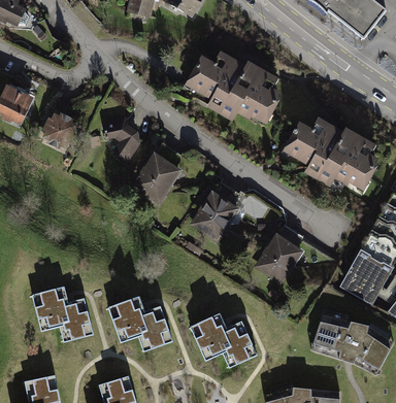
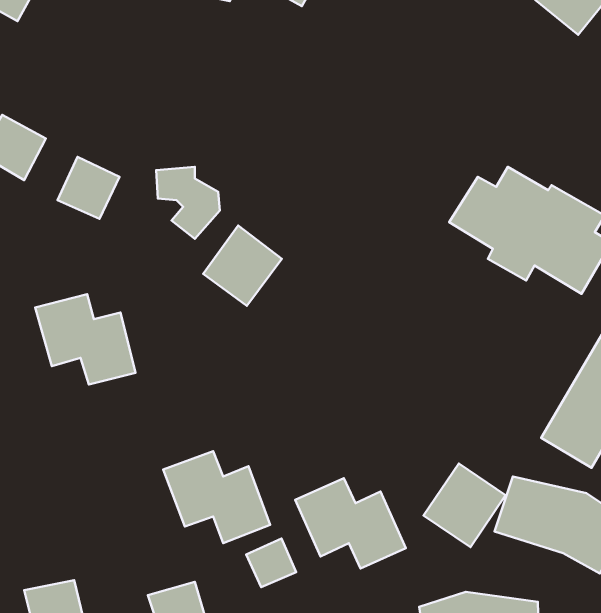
building: [184,52,284,129] -> none
building: [189,194,239,245] -> none
building: [254,235,304,287] -> [424,464,506,547]
building: [29,283,91,339] -> [35,294,136,385]
building: none -> [246,538,296,587]

